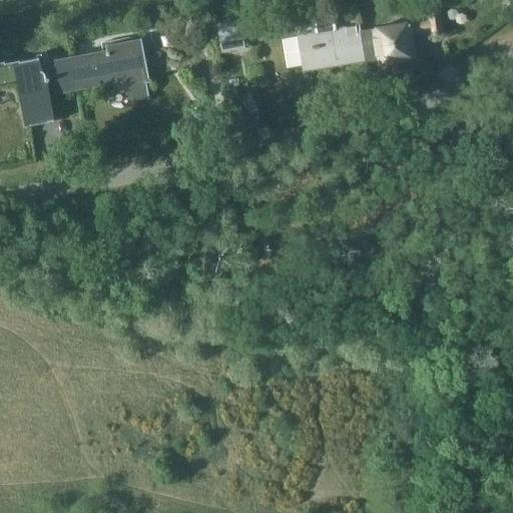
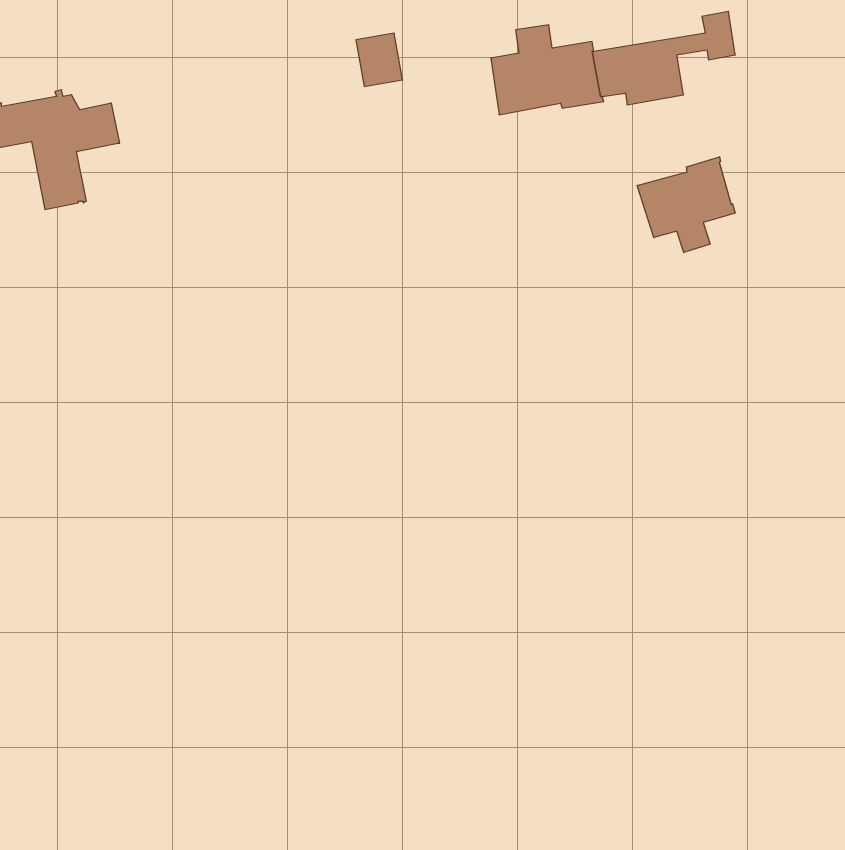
building: [67,38,149,100] -> none
building: none -> [637,157,735,253]

